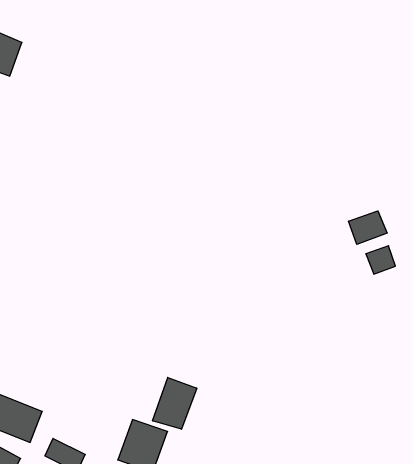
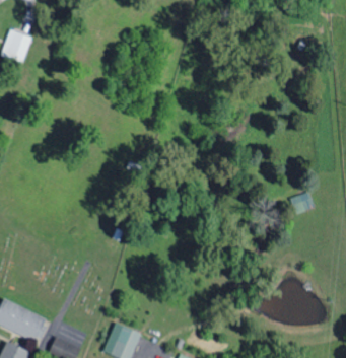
building: [349,211,387,244] -> none
building: [153,377,197,429] -> none

